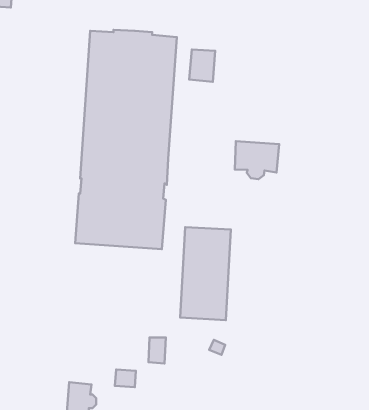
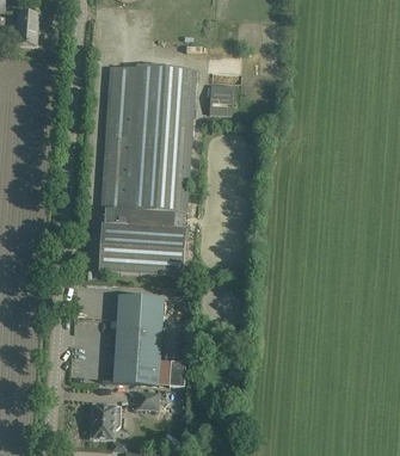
building: [235,141,279,179] -> none
building: [180,227,231,320] -> [112,296,161,386]

